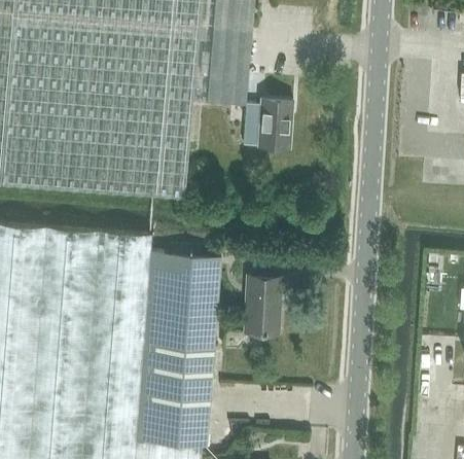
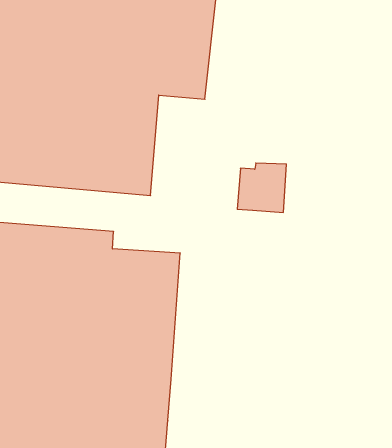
building: [244,98,293,147] -> [237,163,286,212]
building: [243,274,281,332] -> none

